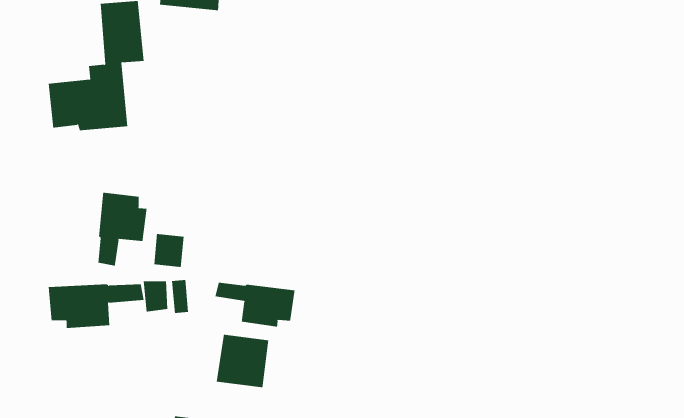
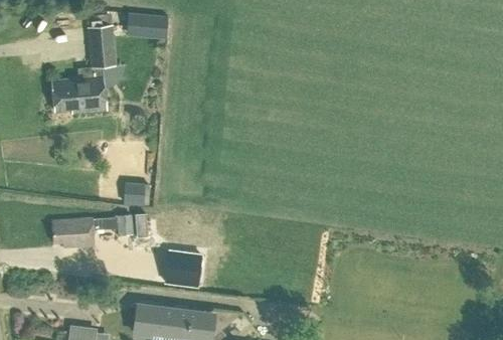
building: [98,192,147,266] -> none
building: [215,282,295,327] -> none

